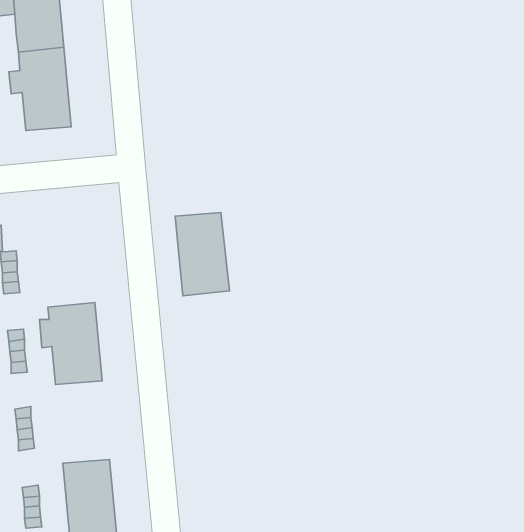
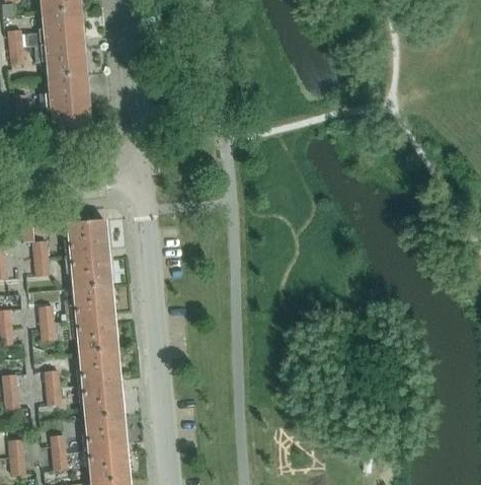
building: [175,212,229,296] -> [66,219,110,288]
building: none -> [78,349,123,417]

